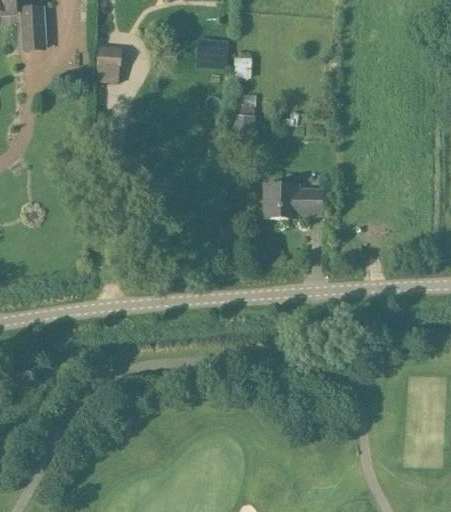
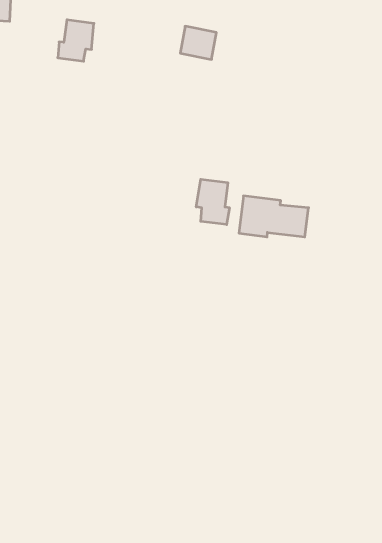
building: [233,114,254,139] -> none
building: none -> [196,179,229,225]

